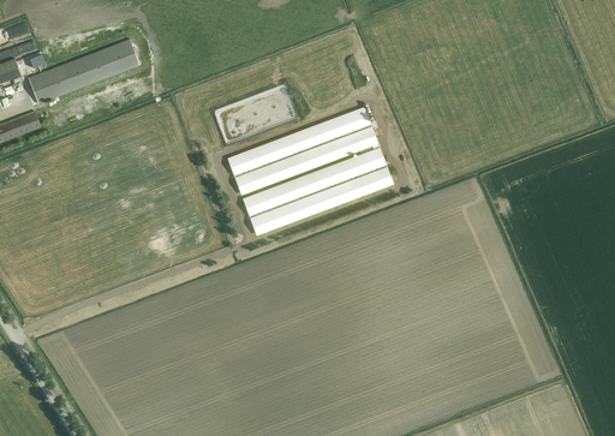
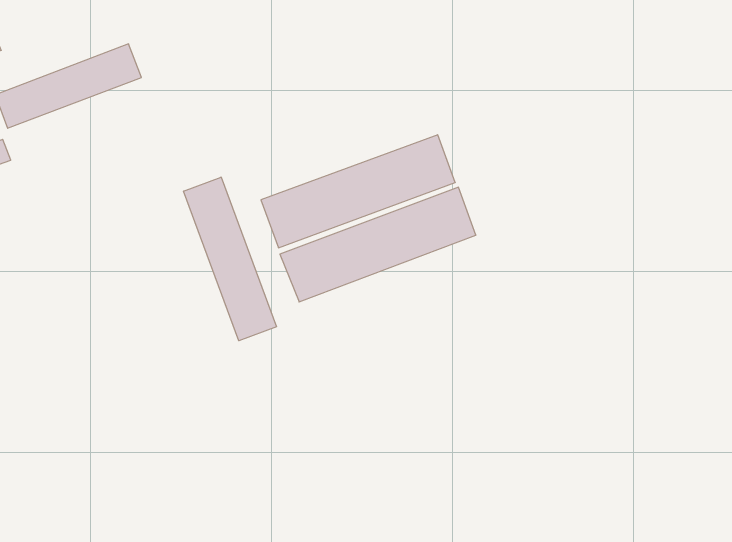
building: none -> [184,177,276,341]

